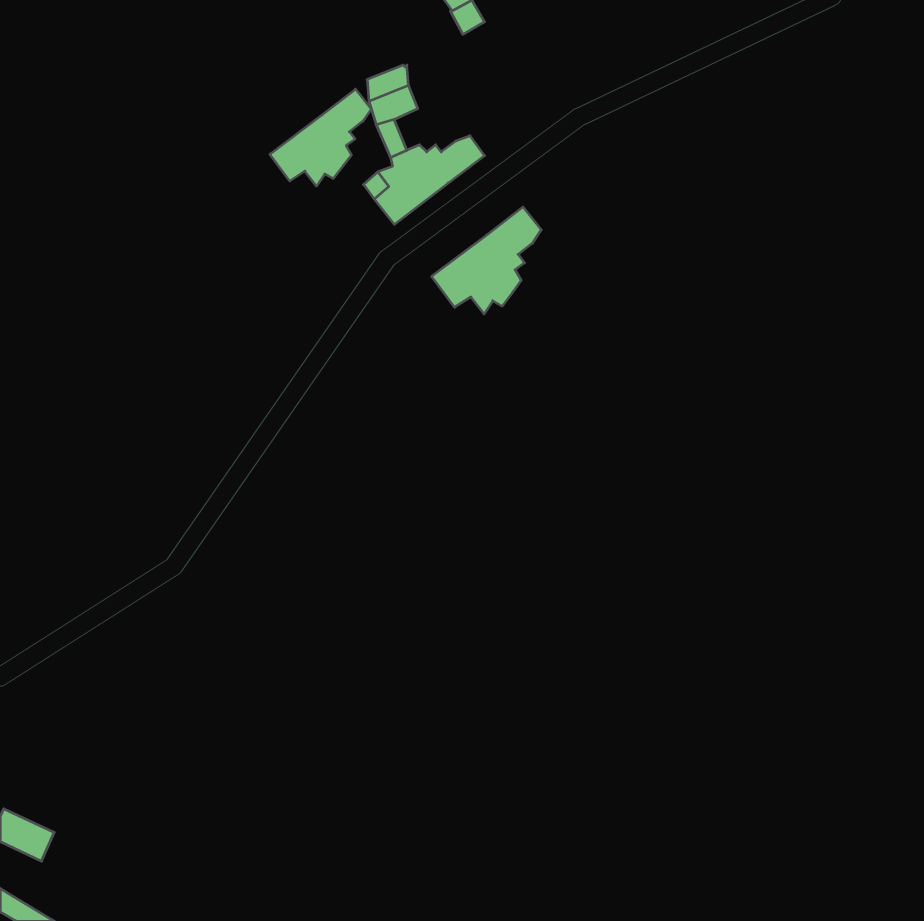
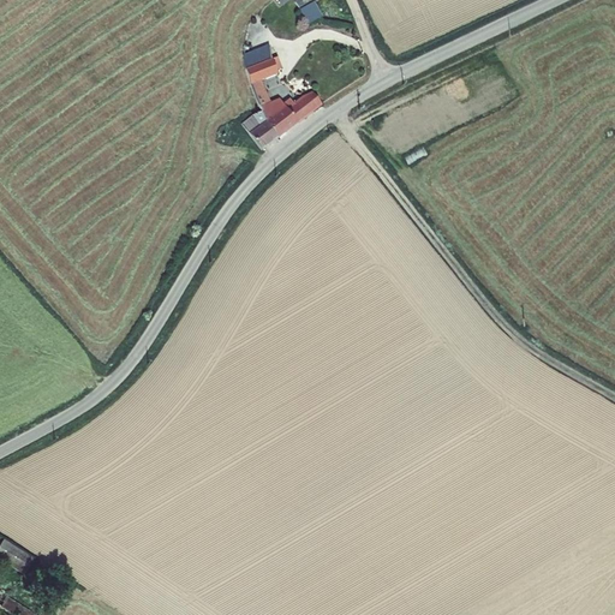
building: [270,89,371,186] -> none
building: [432,207,541,314] -> none

